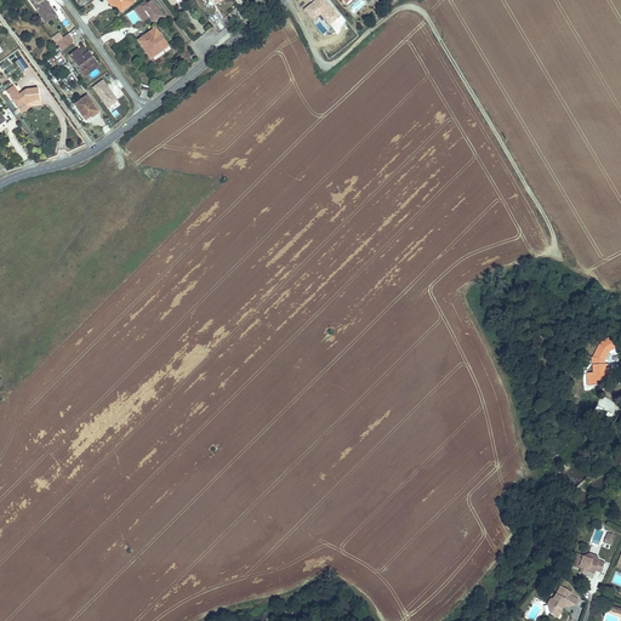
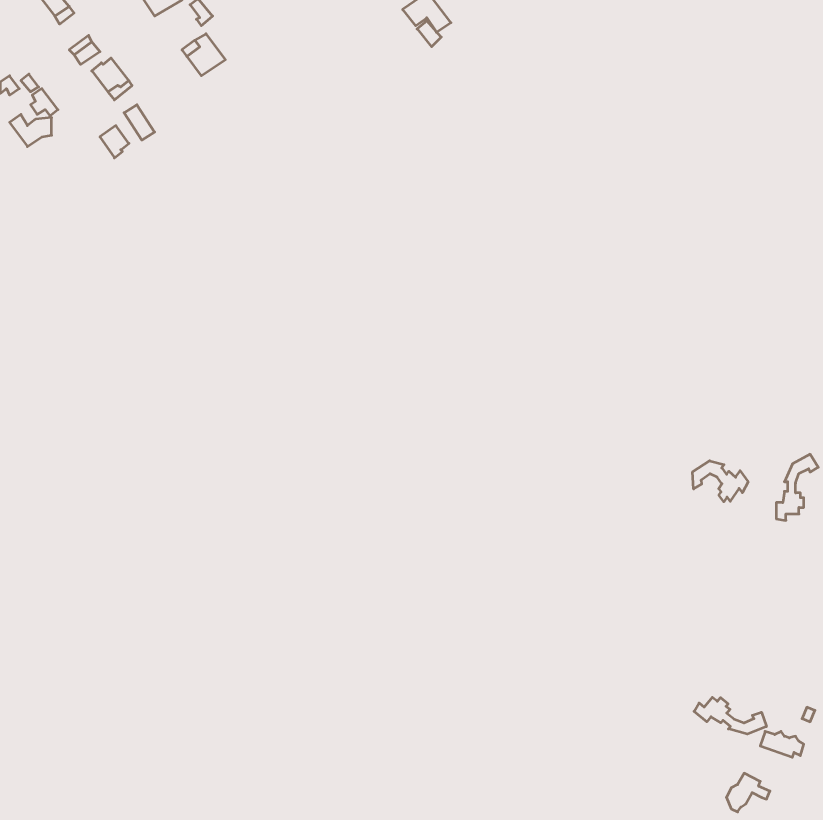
building: none -> [693,461,748,502]
building: none -> [694,697,766,734]

